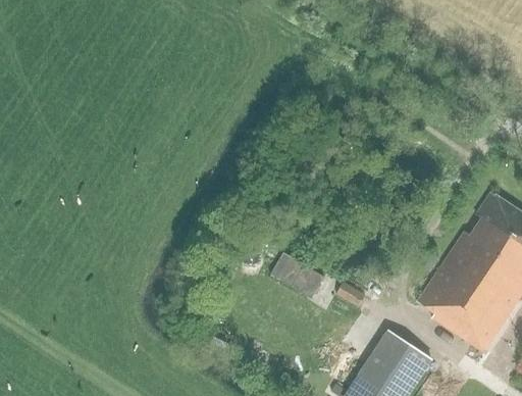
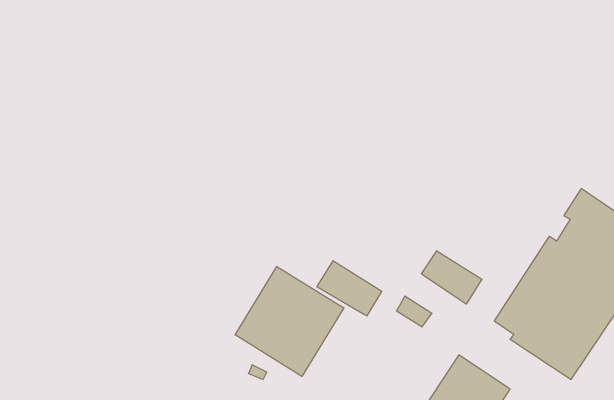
building: none -> [422,251,482,304]
building: none -> [235,266,344,376]

